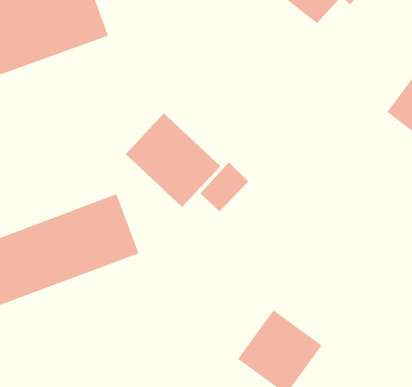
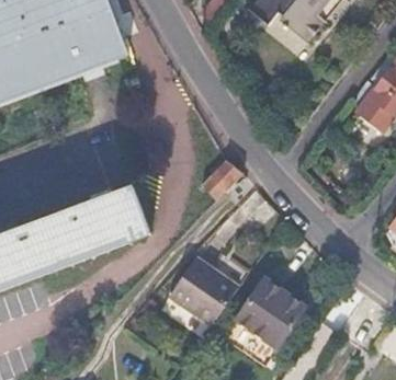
building: [125,113,221,208] -> none
building: none -> [171,260,238,325]

